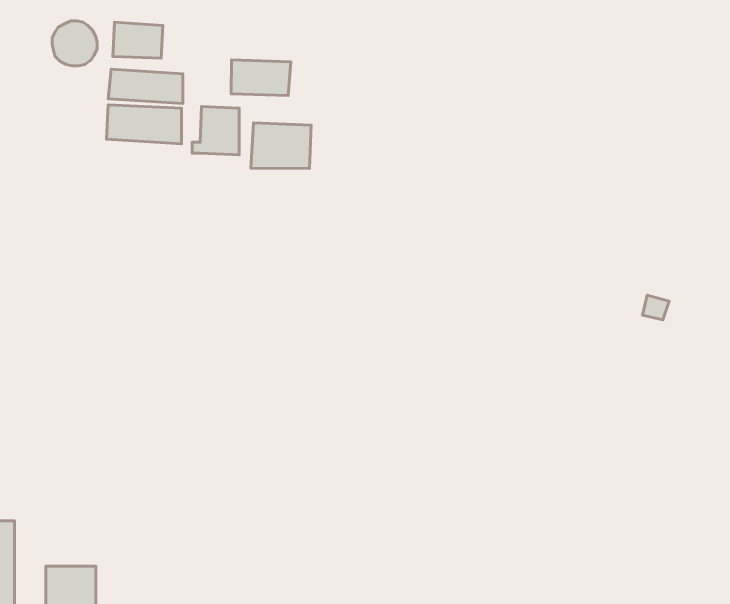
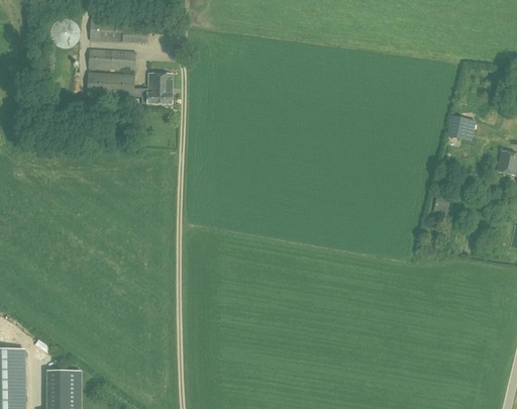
building: [231,60,291,95] -> none
building: [251,123,311,168] -> none
building: none -> [446,116,475,140]

